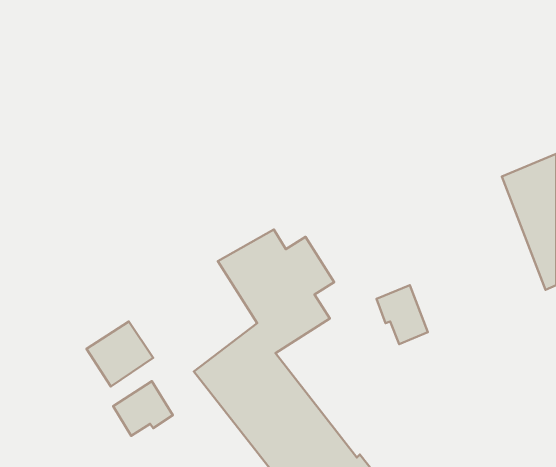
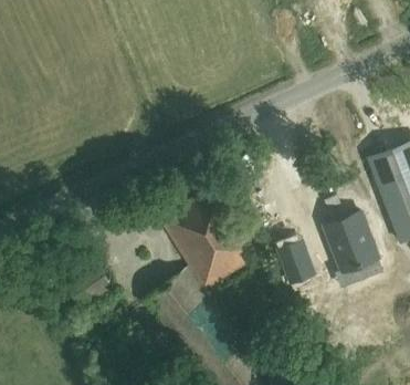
building: none -> [325,212,382,278]
building: [113,381,173,436] -> none

